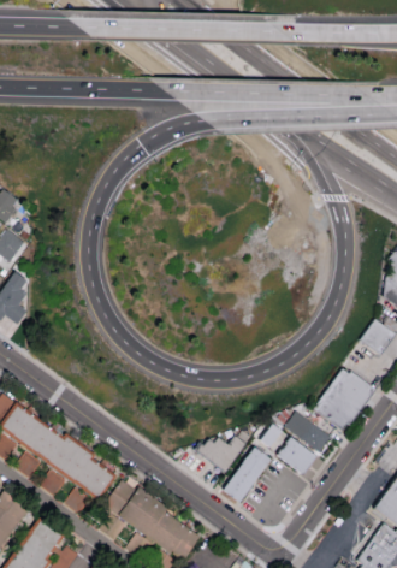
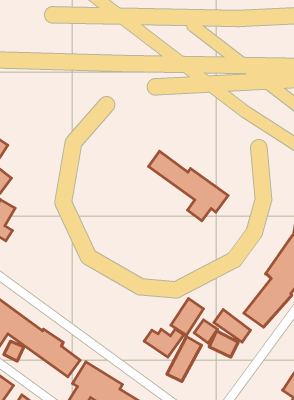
building: none -> [148,151,228,221]
building: none -> [171,299,204,335]

